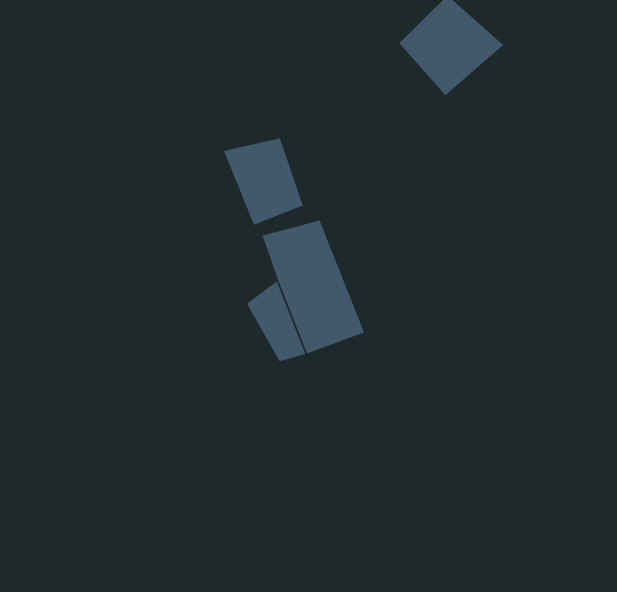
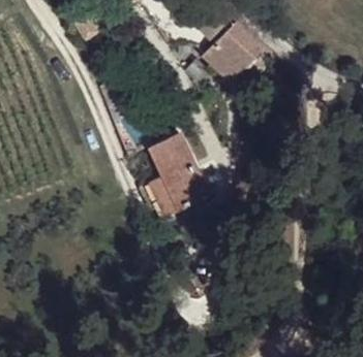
building: [223,137,304,226] -> none

